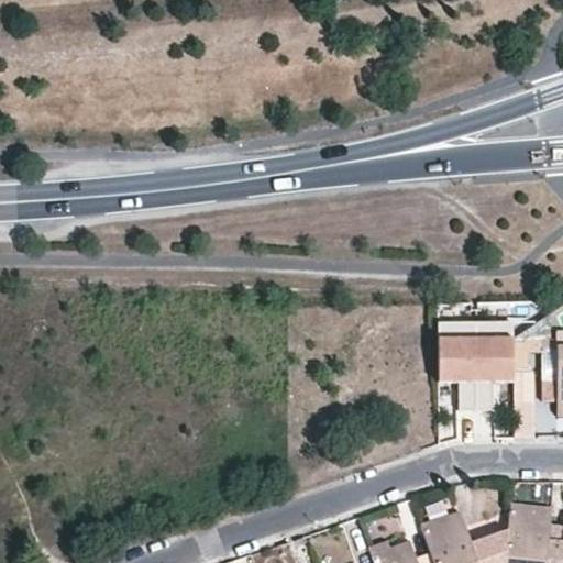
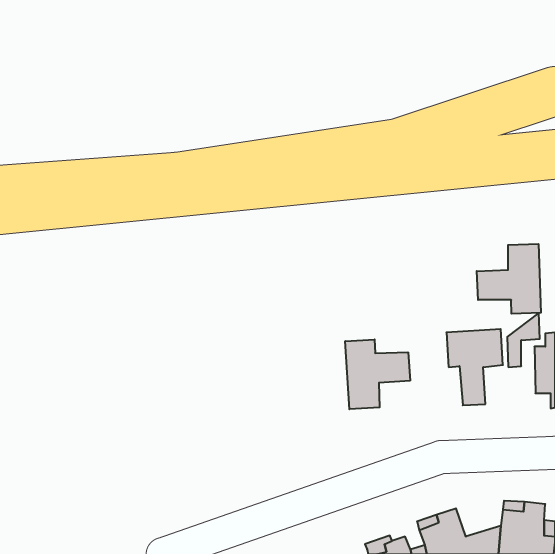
building: none -> [477,244,541,314]
building: none -> [345,339,410,409]

